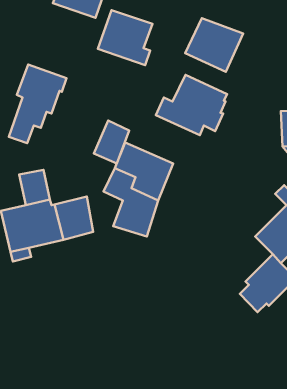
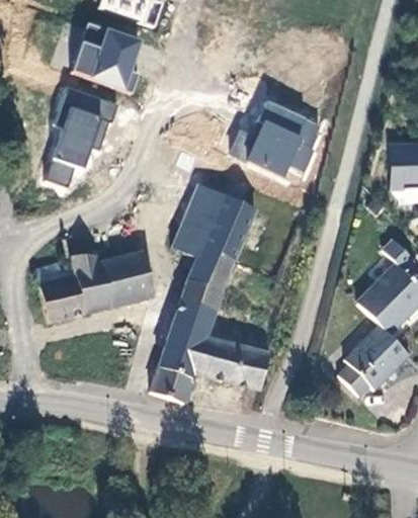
building: [98,10,152,65] -> [74,23,143,92]
building: [185,18,243,72] -> none
building: [94,121,129,163] -> none
building: none -> [143,289,270,403]

